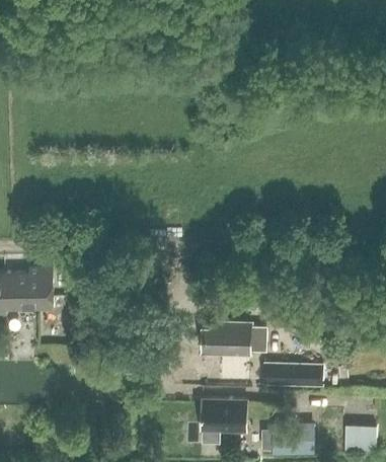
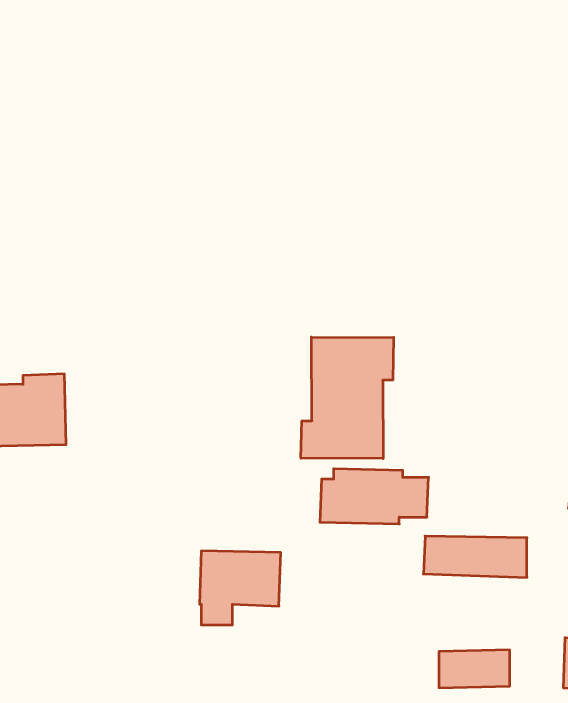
building: none -> [301,337,394,459]
building: [201,399,248,443] -> [200,551,281,625]

